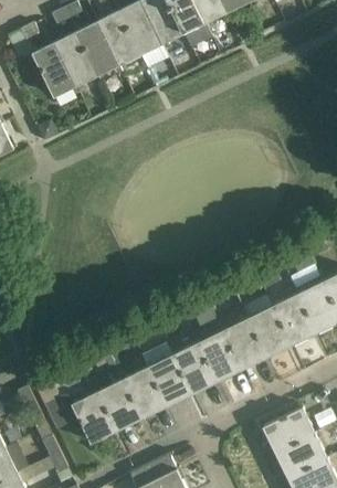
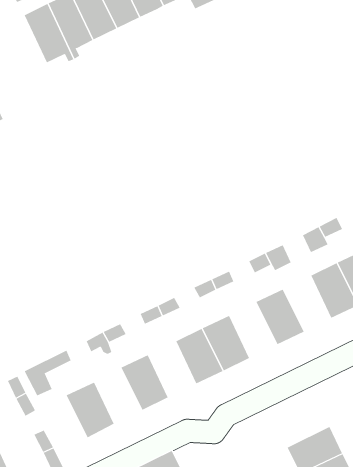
building: [272,294,316,346] -> none
building: [222,318,266,370] -> none
building: [147,354,191,406] -> none
building: [97,379,141,431] -> none
building: [262,407,315,453] -> none

